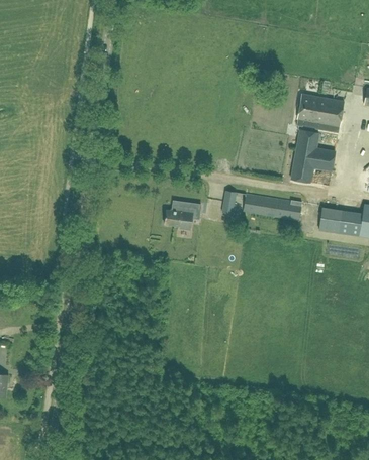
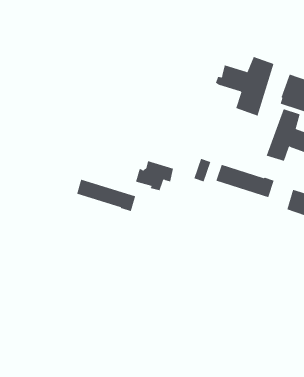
building: none -> [215,56,274,117]
building: none -> [76,179,136,212]

